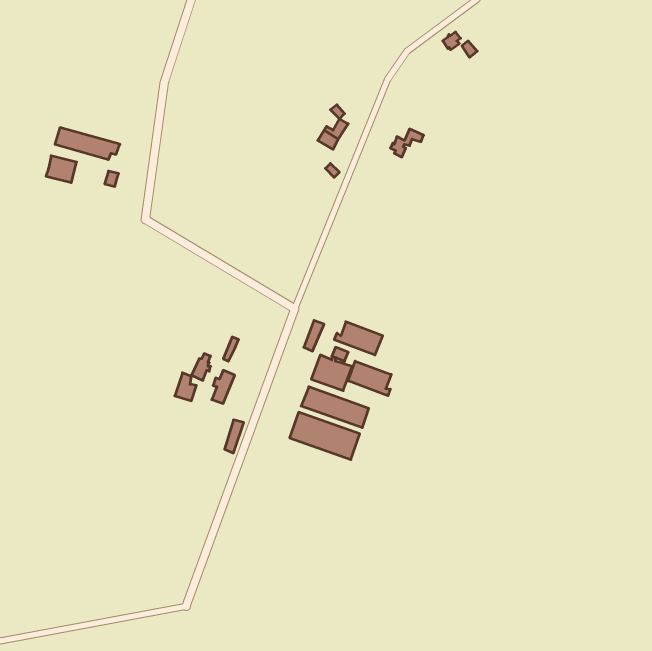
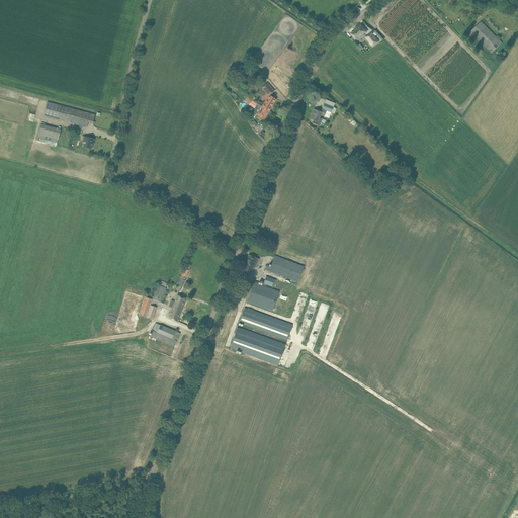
building: none -> [470,20,502,52]
building: [348,361,391,396] -> none
building: none -> [150,322,180,345]

